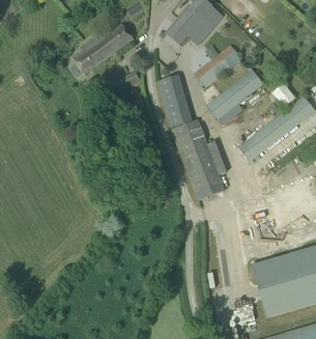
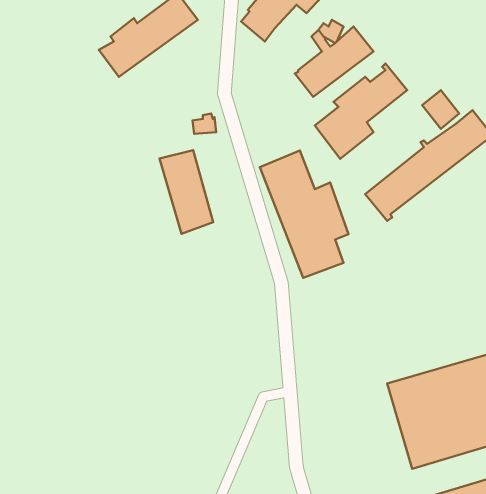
building: [157,76,191,128] -> [160,150,213,234]

